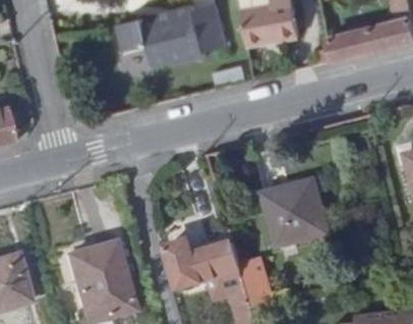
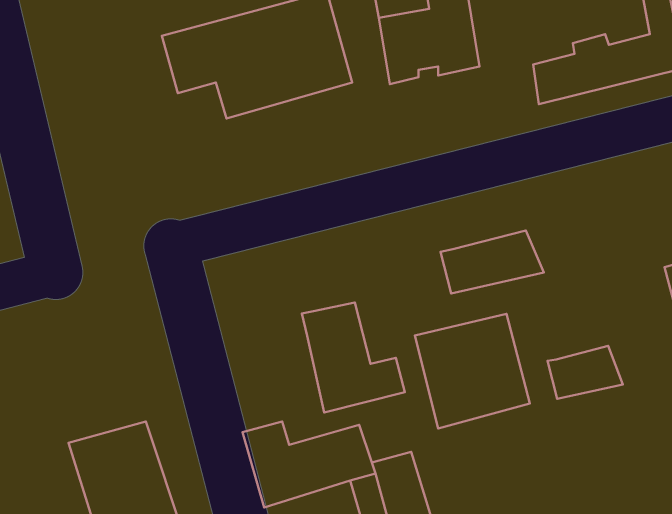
building: none -> [441,230,544,293]
building: none -> [302,302,405,412]
building: none -> [548,346,623,399]

